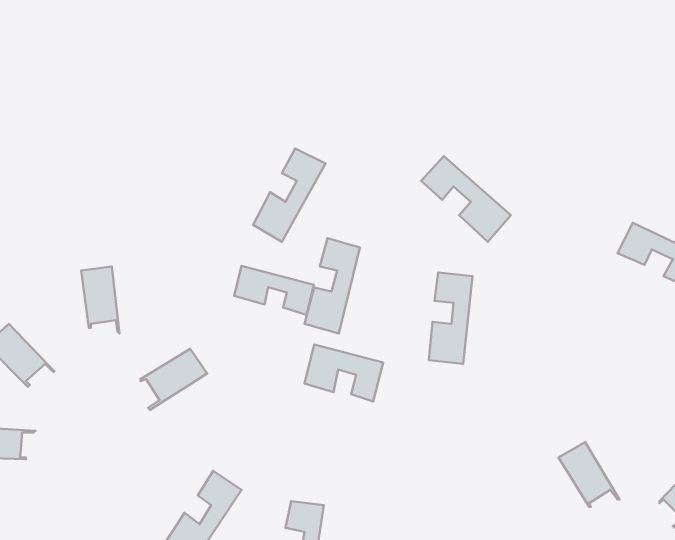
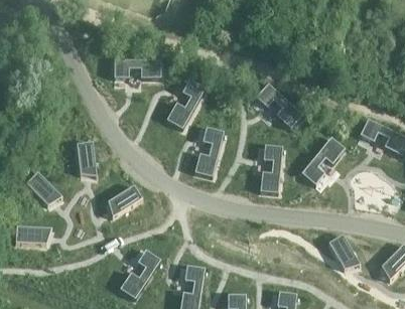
building: none -> [113,59,160,78]
building: none -> [300,137,345,185]
building: [234,266,314,315] -> none
building: [305,344,383,402] -> none

